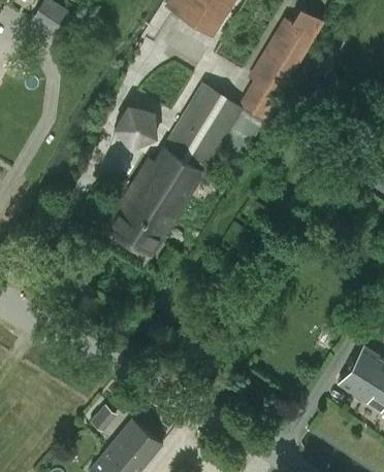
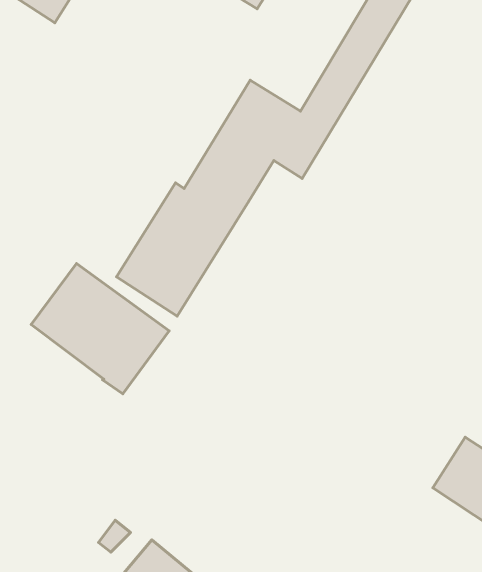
building: [114,106,155,148] -> none
building: none -> [31,264,169,394]

